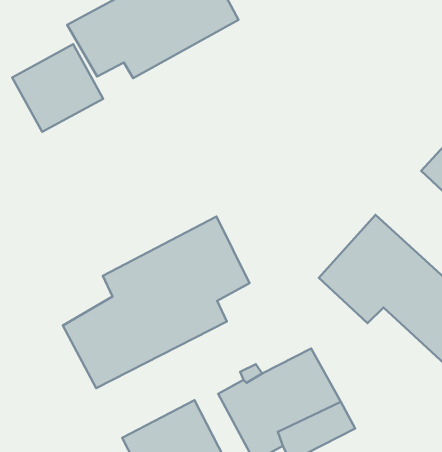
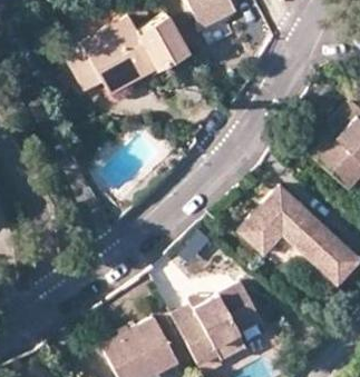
building: [12,44,103,132] -> none
building: [63,216,250,388] -> none

